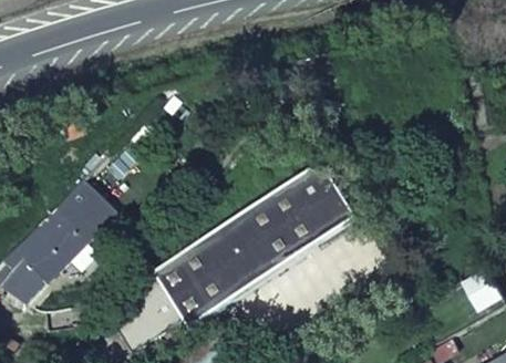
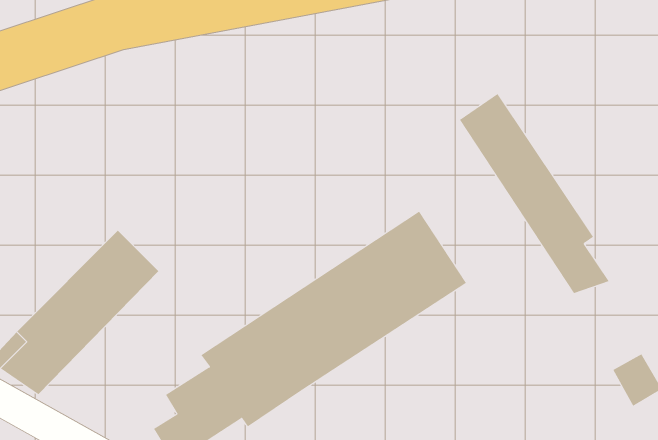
building: none -> [459,93,609,294]

